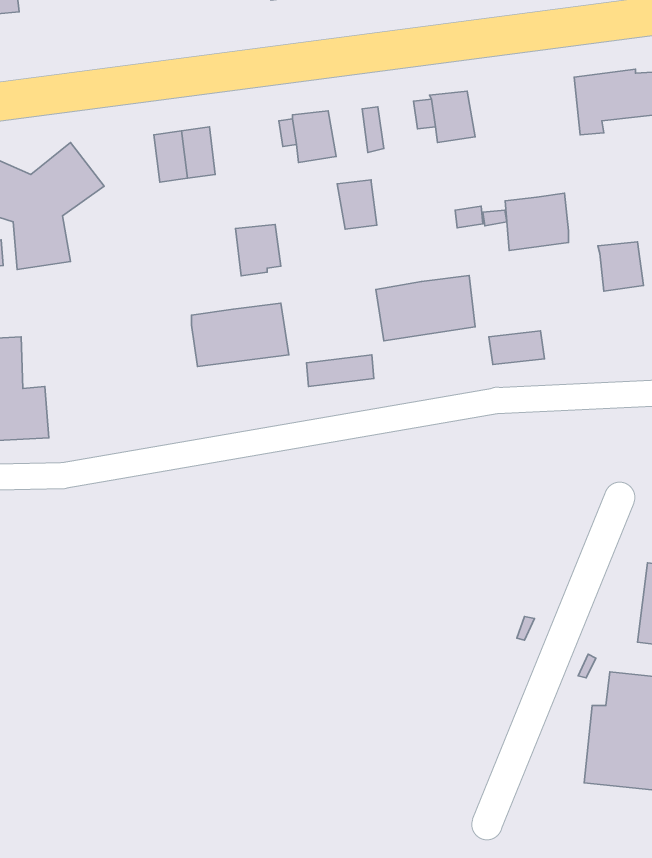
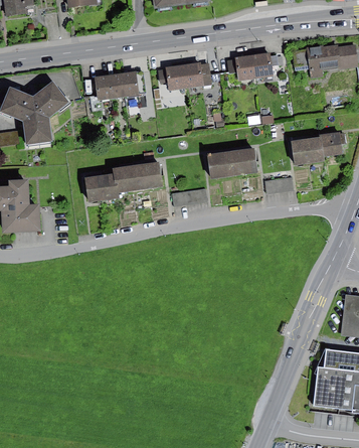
building: none -> [253,51,273,78]
building: [337,180,377,229] -> [183,62,203,88]
building: [505,193,569,251] -> [291,137,323,166]
building: [235,224,281,276] -> [123,70,146,97]
building: none -> [84,173,117,202]

